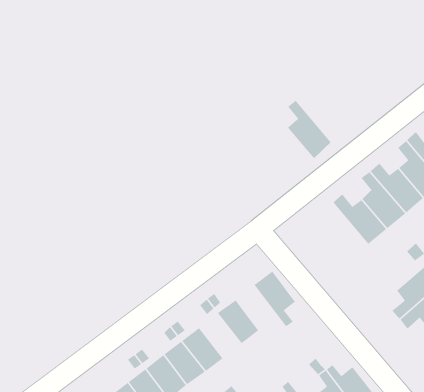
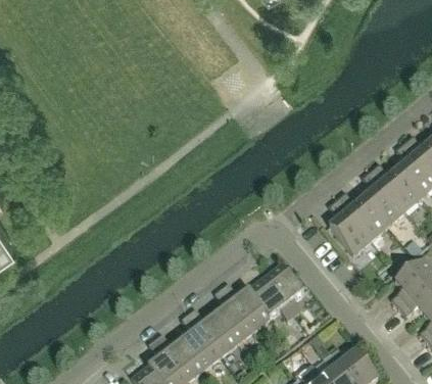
building: [287,100,332,159] -> [329,201,370,255]
building: none -> [248,277,294,321]
building: none -> [214,302,253,344]

